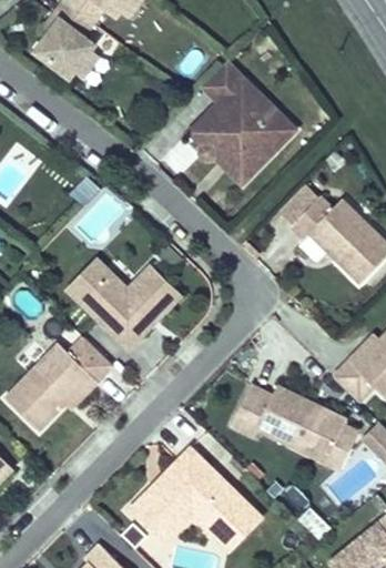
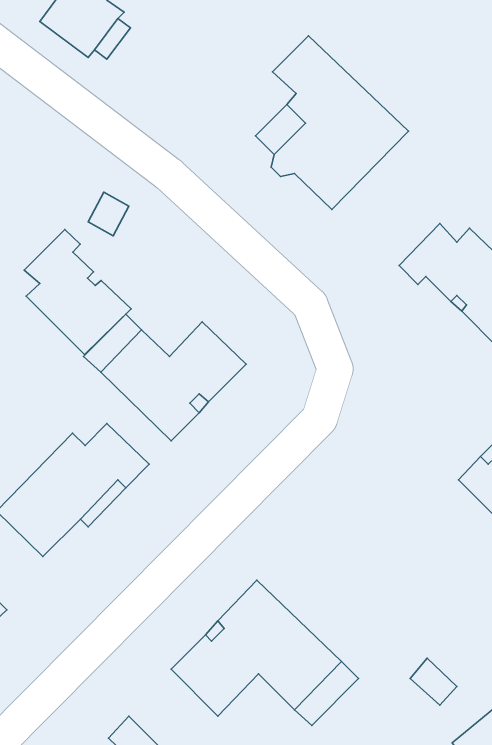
building: none -> [24,229,131,355]
building: [231,385,346,462] -> none

